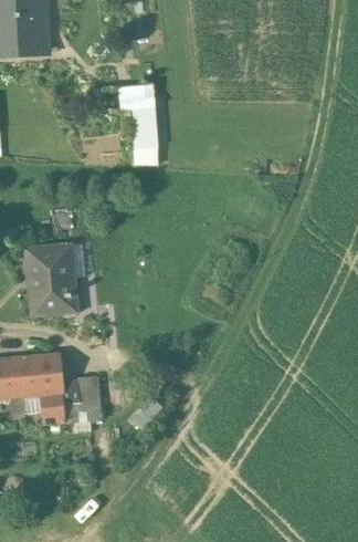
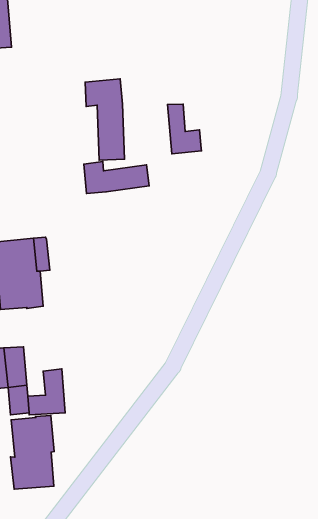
building: none -> [168,104,202,154]
building: none -> [84,162,149,194]
building: none -> [10,416,54,489]

